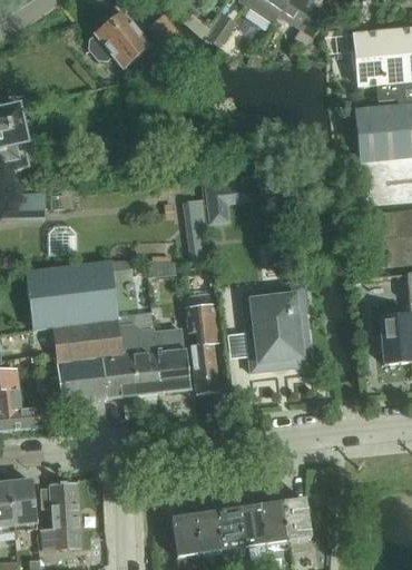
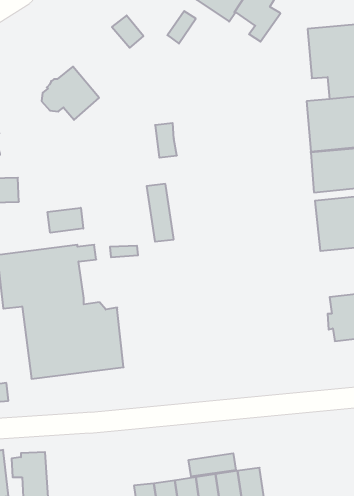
building: [89,12,150,69] -> [42,67,99,120]
building: [206,185,229,222] -> [155,123,177,158]
building: none -> [48,208,83,233]
building: [242,283,312,372] -> none
building: [186,303,219,393] -> none
building: [154,326,190,391] -> none
building: none -> [189,453,236,477]

